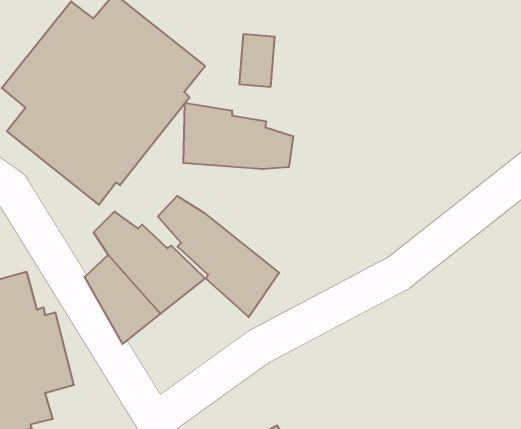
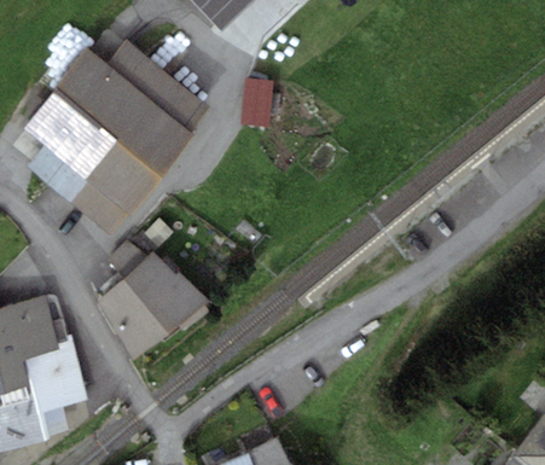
building: [183,103,293,169] -> none
building: [158,196,279,317] -> none

